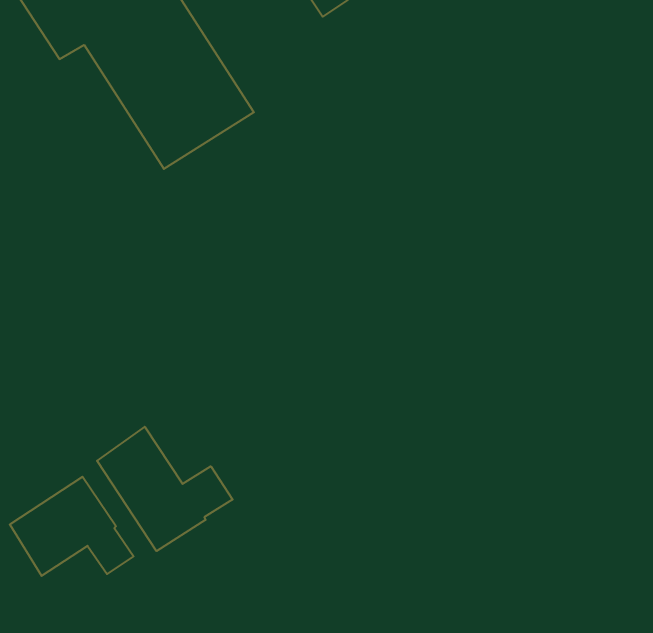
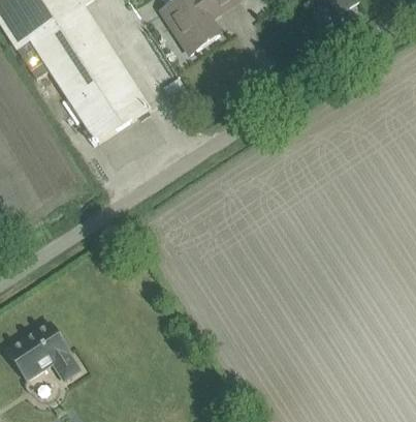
building: [97,427,233,551] -> none

